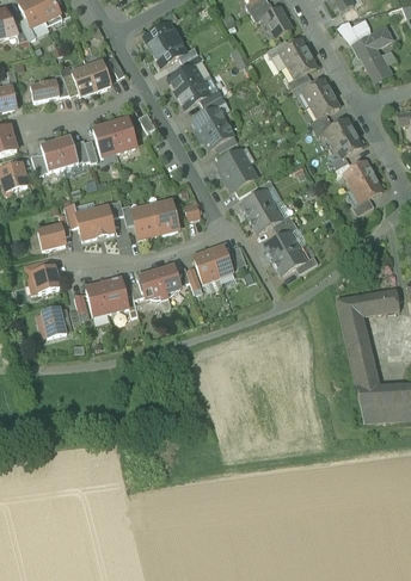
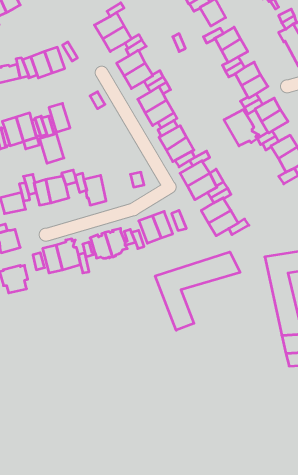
building: [108,118,135,152] -> [40,134,64,163]
building: none -> [224,110,259,146]
building: [151,200,178,234] -> none
building: none -> [155,252,240,330]

